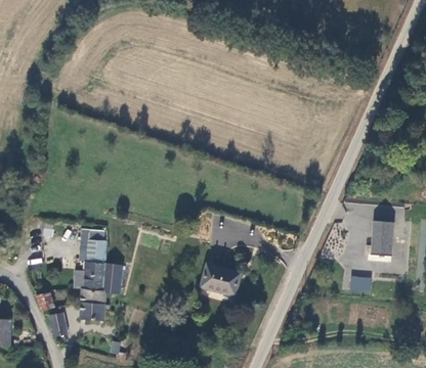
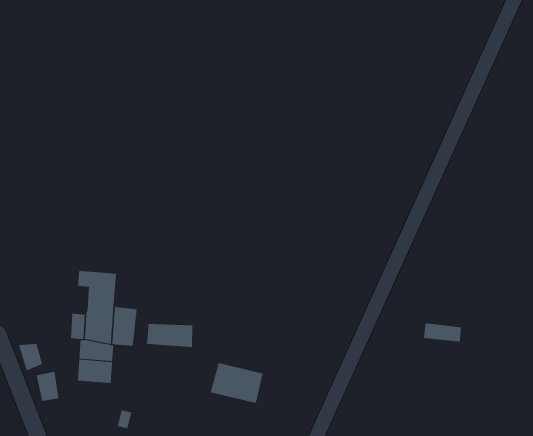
building: [366,223,393,258] -> none
building: [201,264,241,294] -> [210,362,263,404]
building: none -> [146,323,193,348]

